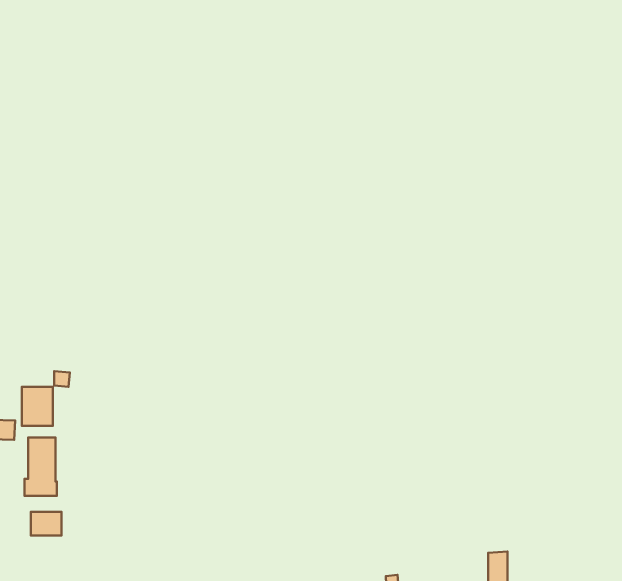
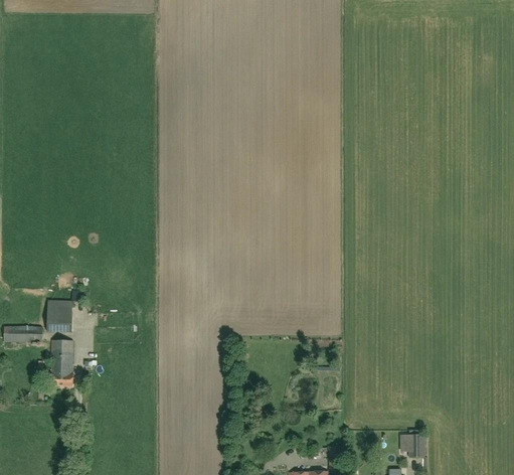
building: [31,512,62,535] -> none

